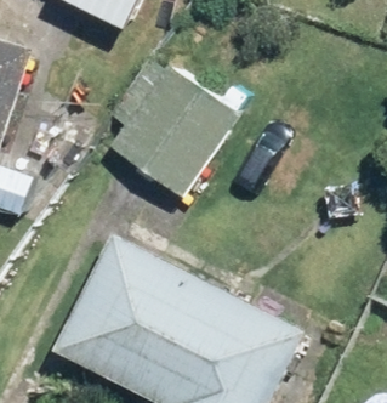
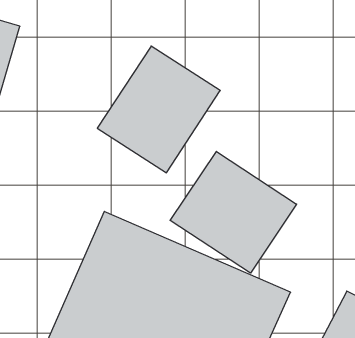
building: none -> [170,151,297,273]

